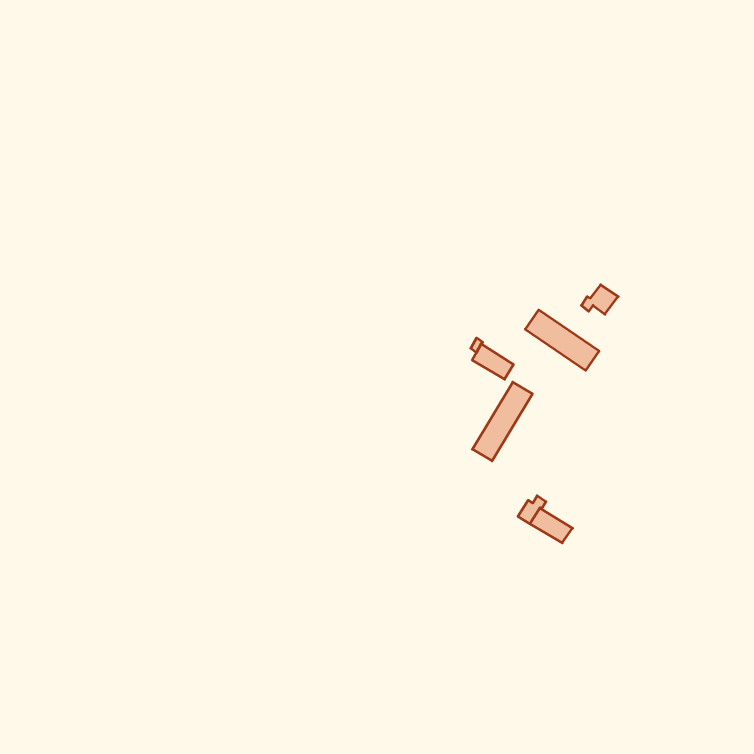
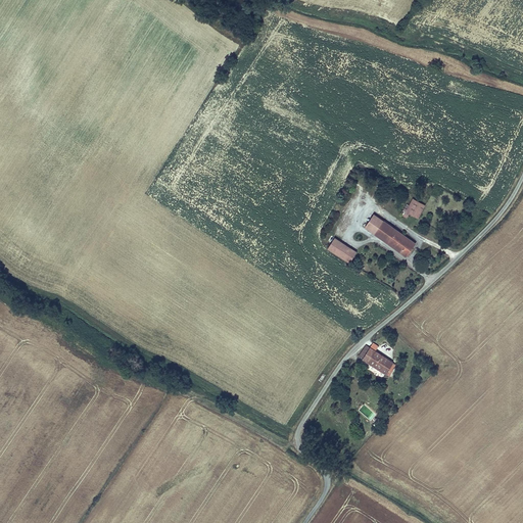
building: [472,382,532,461] -> none

